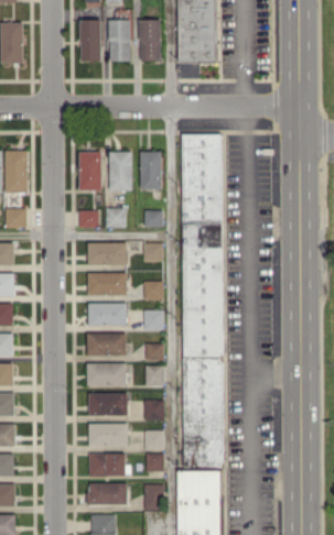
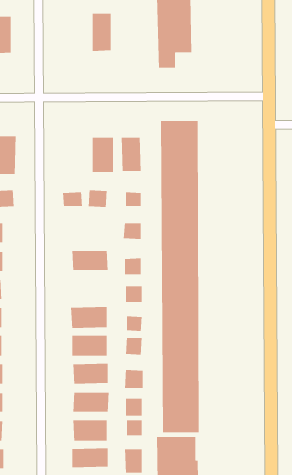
building: [80,20,101,62] -> none
building: [139,20,161,62] -> none
building: [78,152,101,190] -> none
building: [87,242,127,265] -> none
building: [88,303,127,325] -> none

